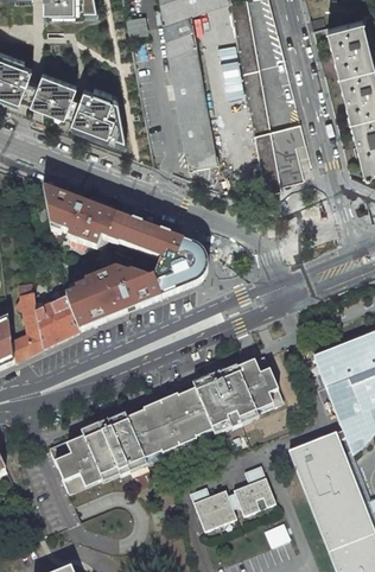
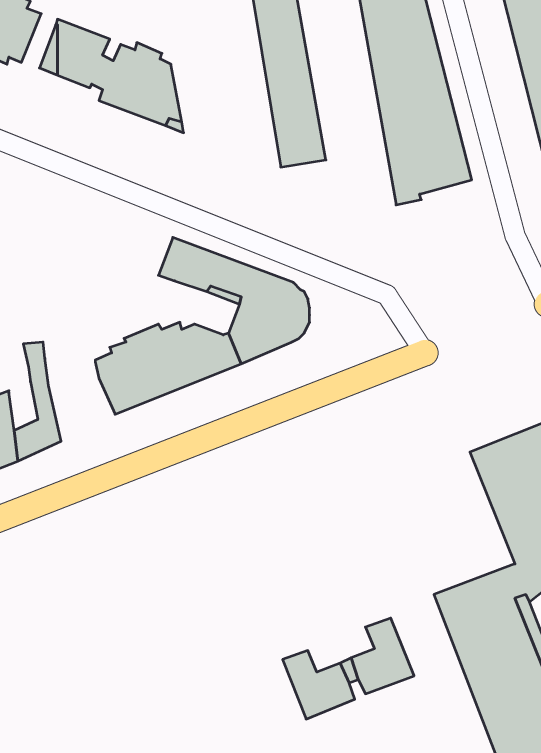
building: [42,186,116,248] -> none
building: [32,293,78,349] -> none
building: [49,357,282,492] -> none

